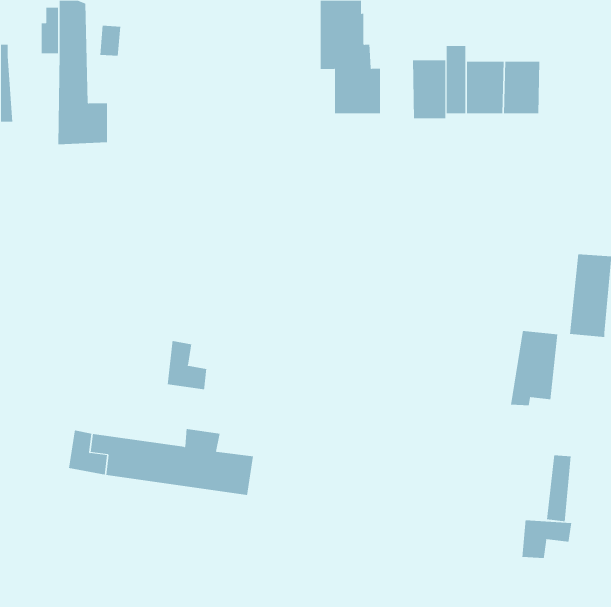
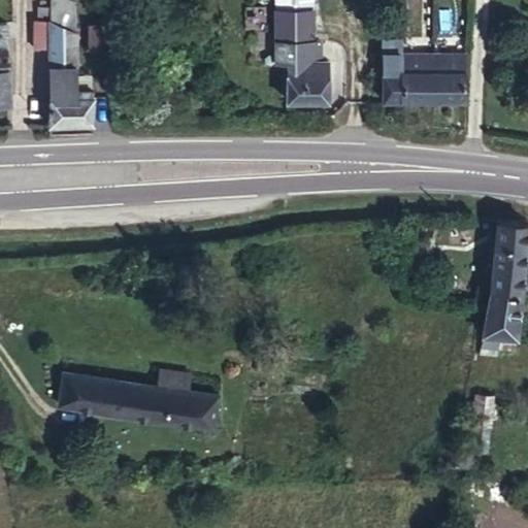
building: [412,60,446,119] -> none
building: [510,331,558,406] -> [481,292,522,357]
building: [167,340,207,390] -> none
building: [522,520,572,559] -> none

